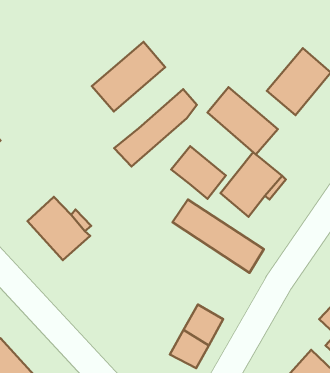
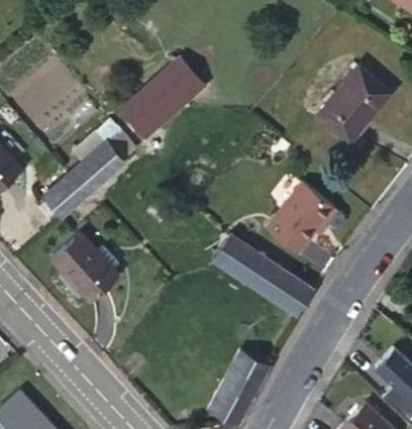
building: [208,87,278,155] -> none
building: [114,89,197,166] -> [42,130,134,216]
building: [171,146,226,199] -> none

